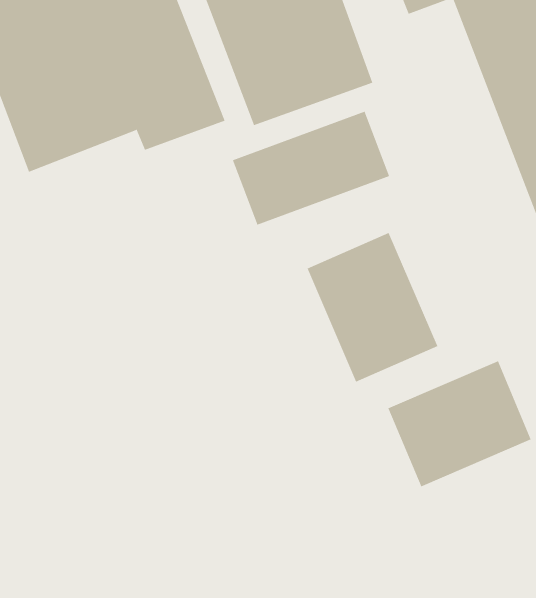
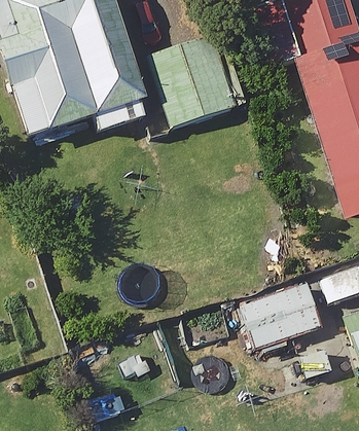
building: [232,111,390,225] -> none
building: [307,232,438,382] -> none

